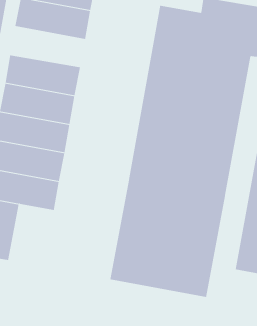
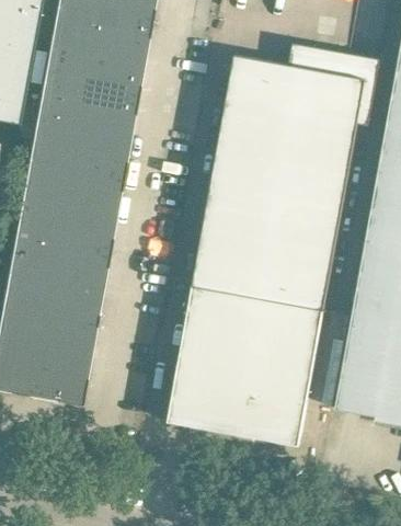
building: none -> [35,83,137,138]
building: none -> [34,321,95,405]

